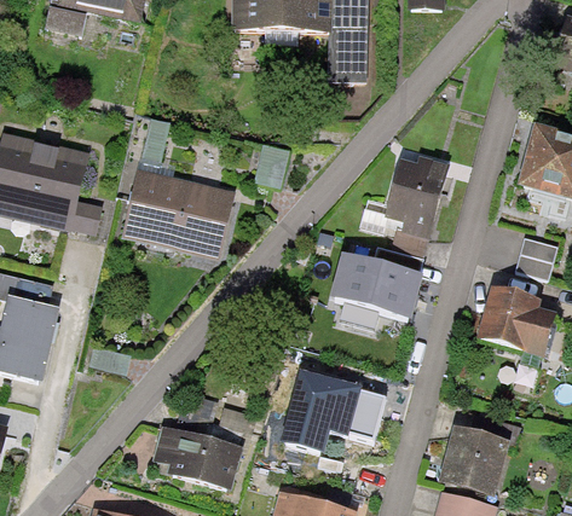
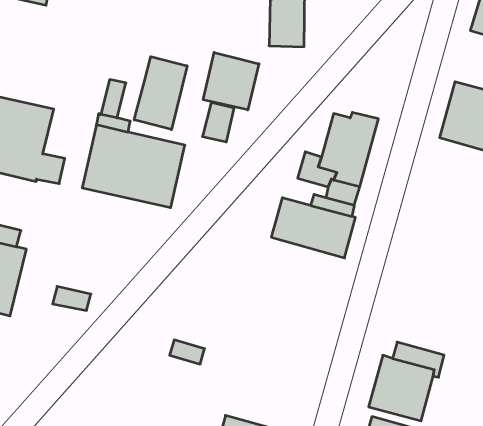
building: none -> [203,52,259,110]
building: none -> [134,57,187,130]
building: [514,238,556,280] -> none
building: [476,284,556,355] -> none
building: [278,367,385,451] -> none
building: [152,425,242,489] -> none

